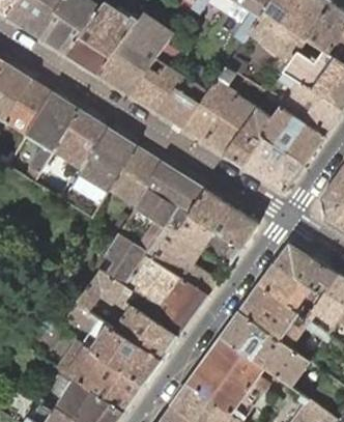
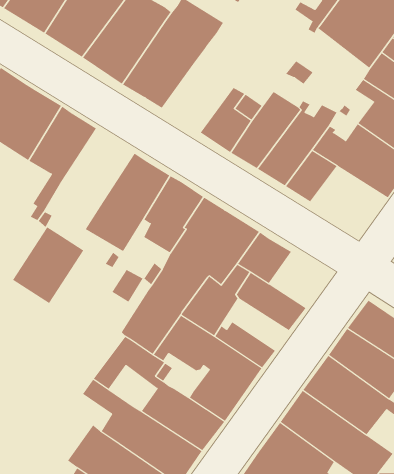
building: [128,58,183,113] -> none
building: [51,110,107,170] -> [12,226,84,304]
building: [243,139,304,192] -> none
building: [211,205,257,249] -> none

